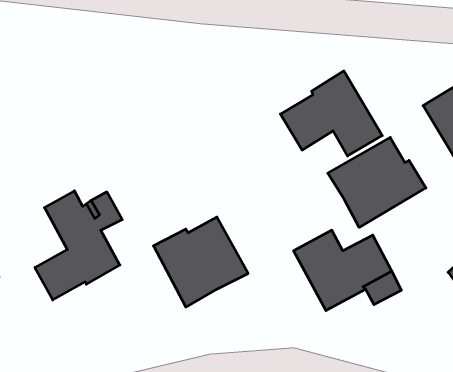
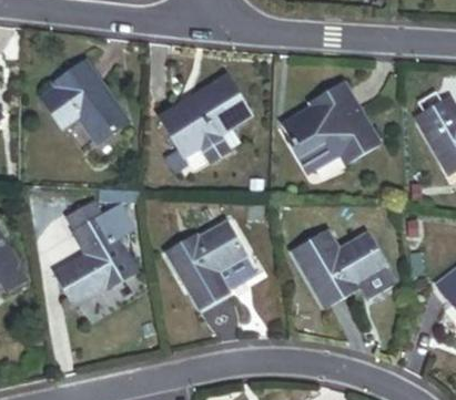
building: none -> [43,60,128,140]
building: none -> [158,78,246,160]
building: [328,137,426,227] -> none

